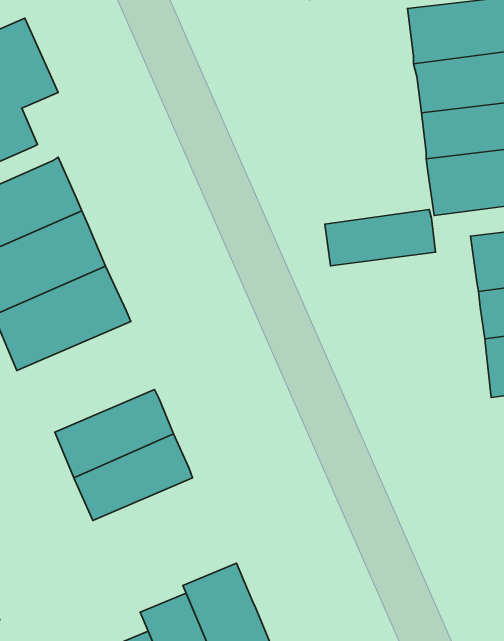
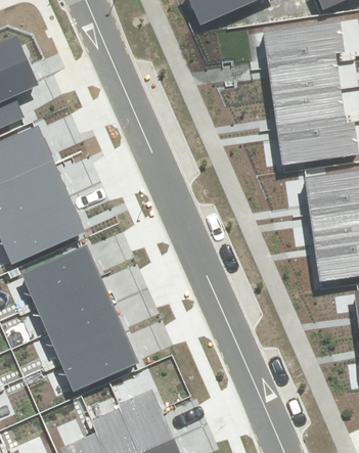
building: [325,209,435,266] -> none
building: none -> [21,245,100,304]
building: none -> [60,333,138,392]

